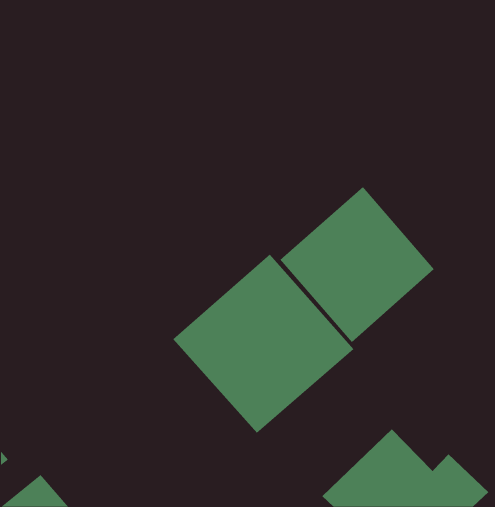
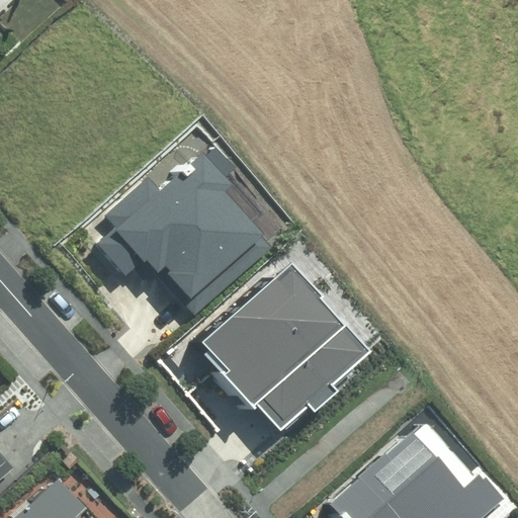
building: none -> [94,152,280,318]
building: [279,186,434,343] -> none

